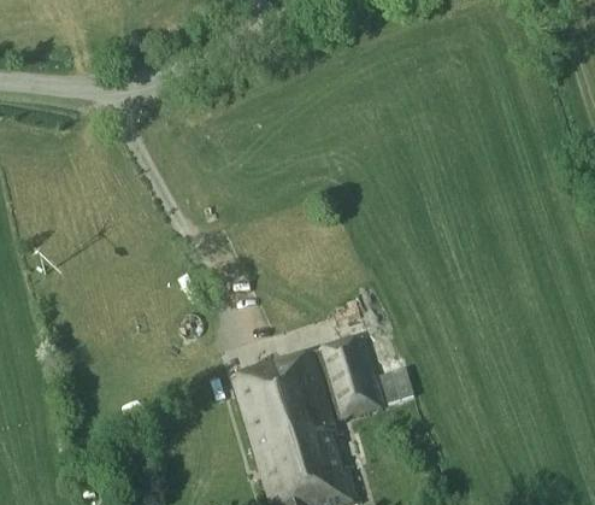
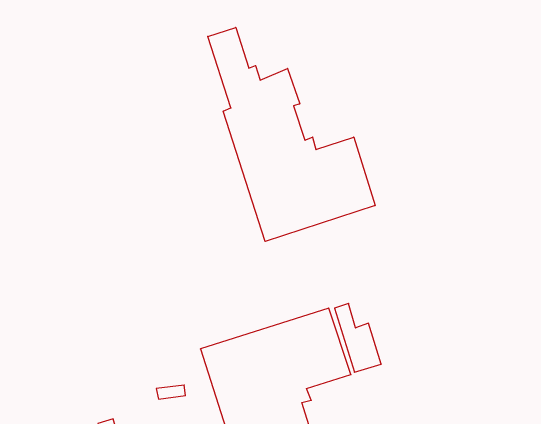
building: none -> [208,27,375,241]

